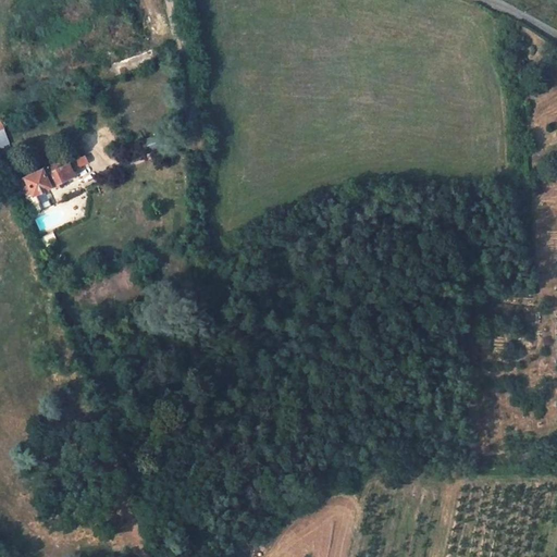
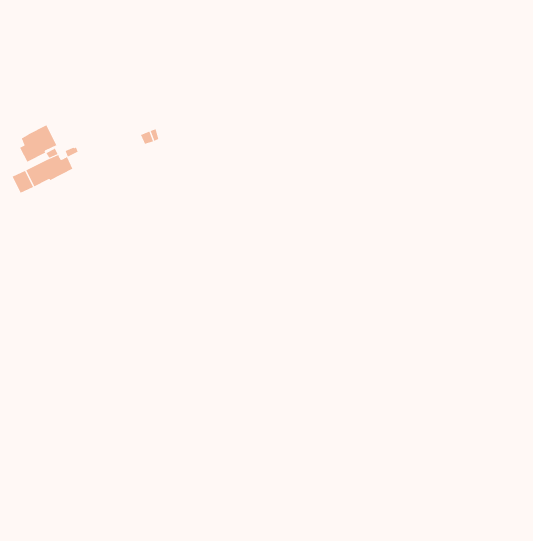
building: none -> [19,124,57,162]

